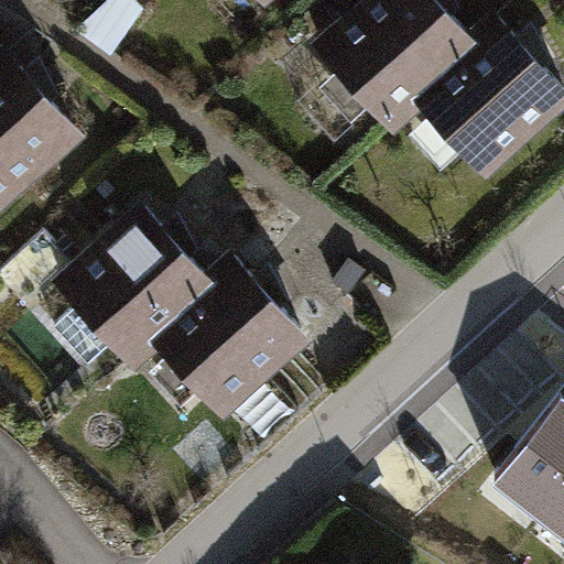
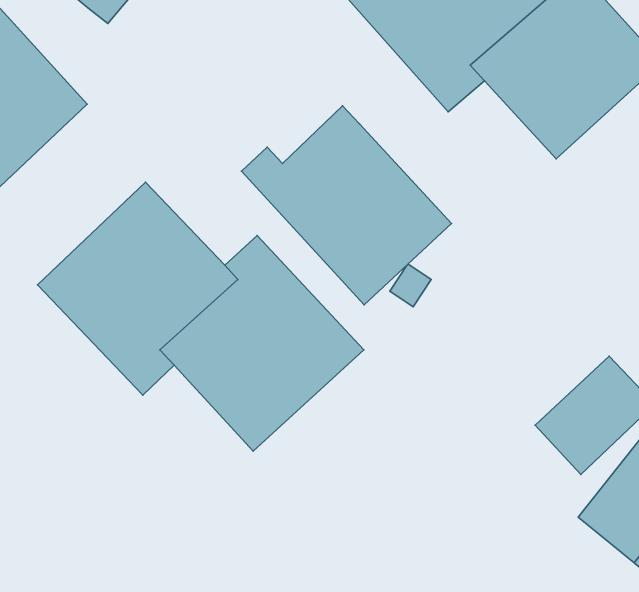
building: none -> [241,106,451,305]

